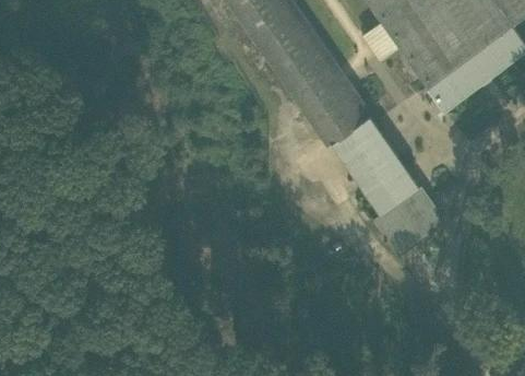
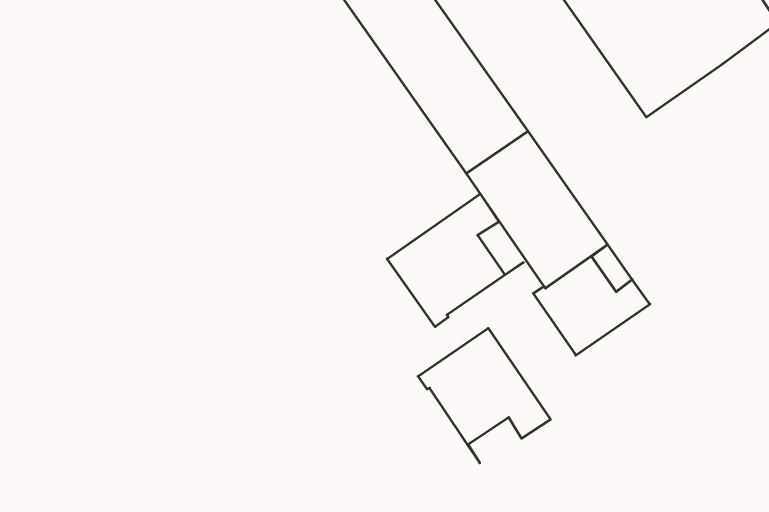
building: none -> [387,194,523,327]
building: none -> [418,328,550,463]

